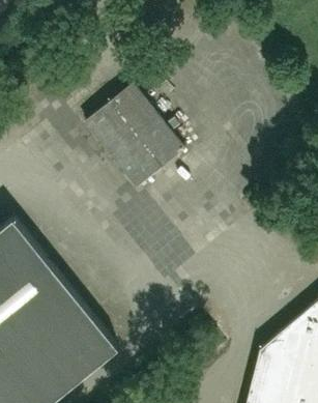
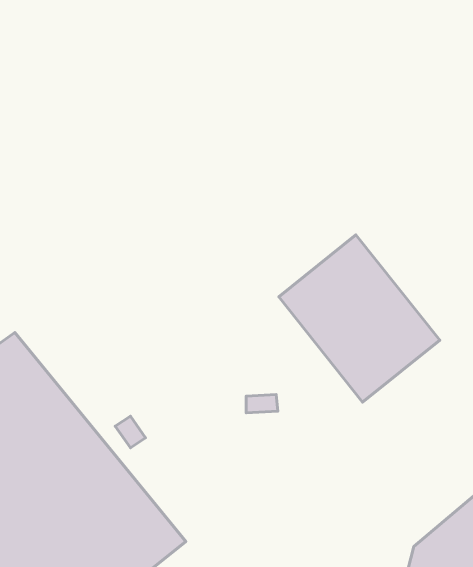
building: [86,87,185,191] -> [279,235,440,402]

